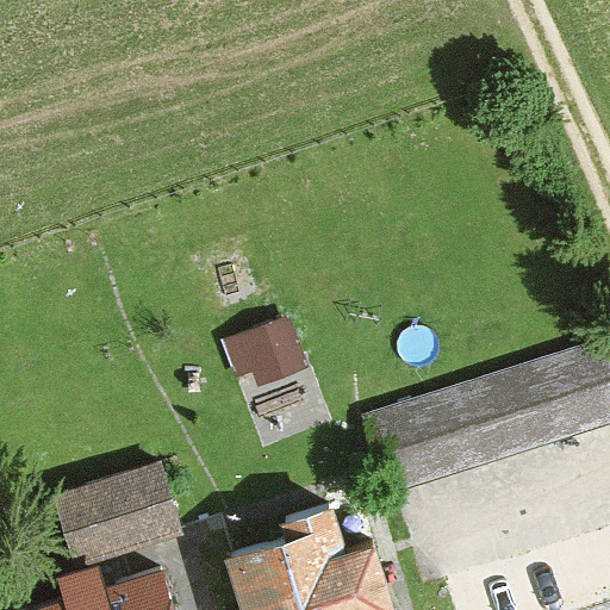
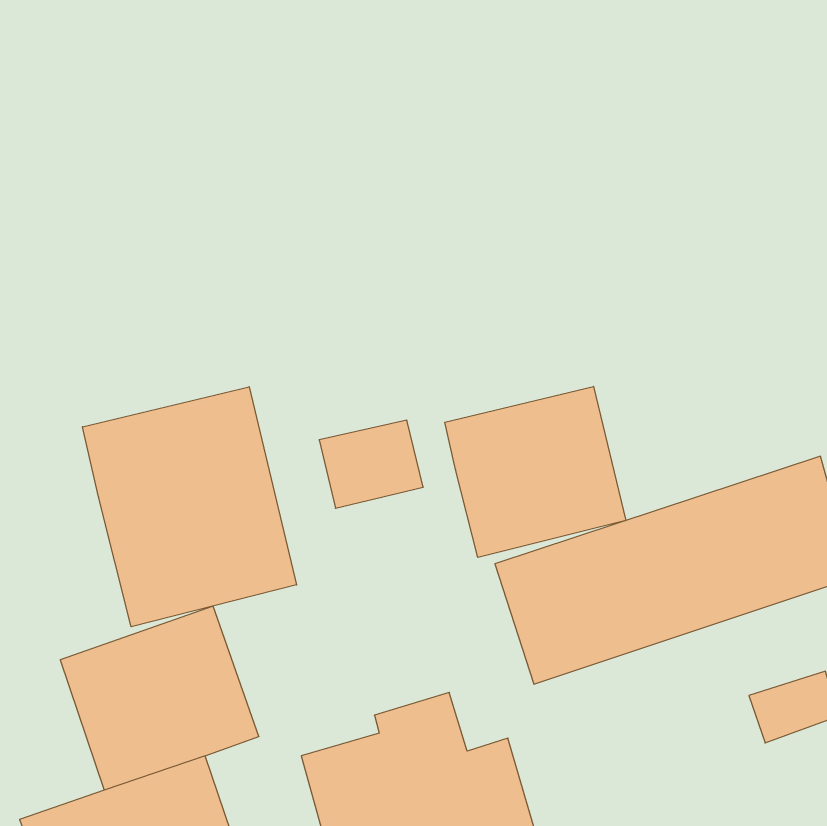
building: none -> [445,386,626,557]
building: none -> [83,387,297,627]

